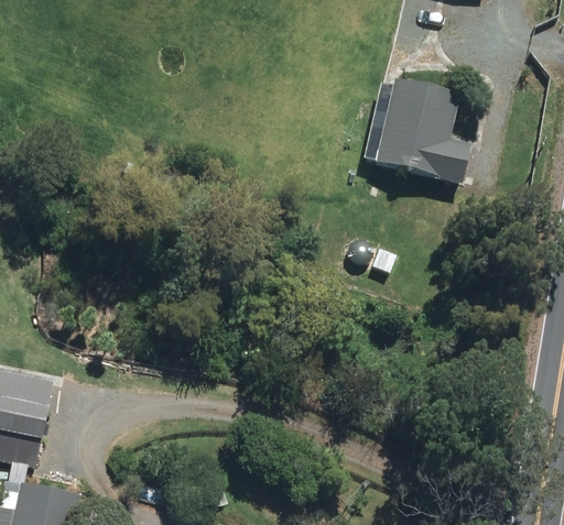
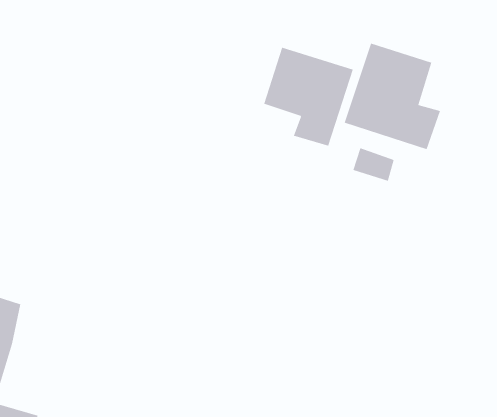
building: none -> [263,47,354,147]

